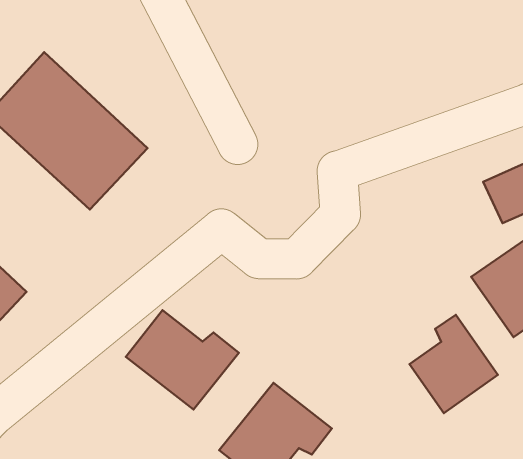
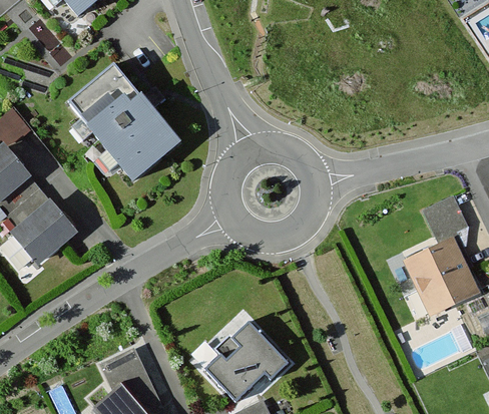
building: [126,310,239,410] -> none
building: [409,315,498,413] -> none

